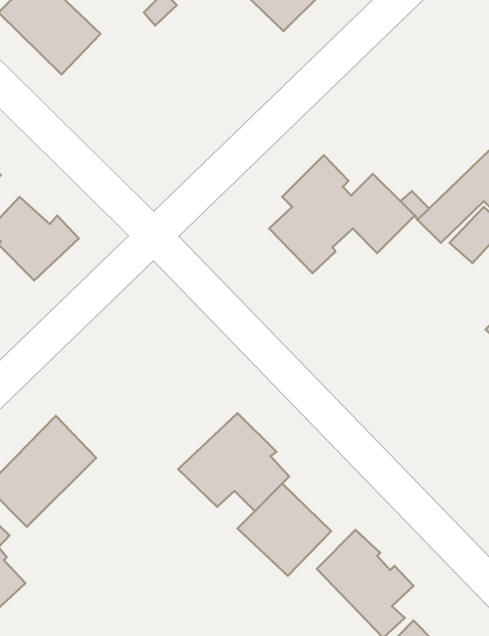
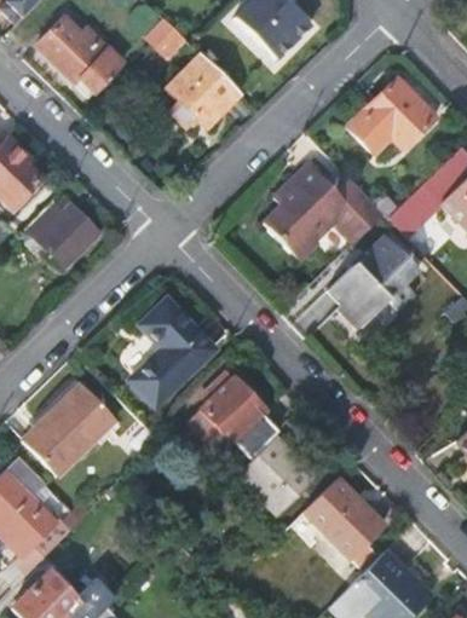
building: none -> [172,53,242,126]
building: none -> [347,79,436,145]
building: none -> [327,236,420,331]
building: none -> [129,298,215,405]

